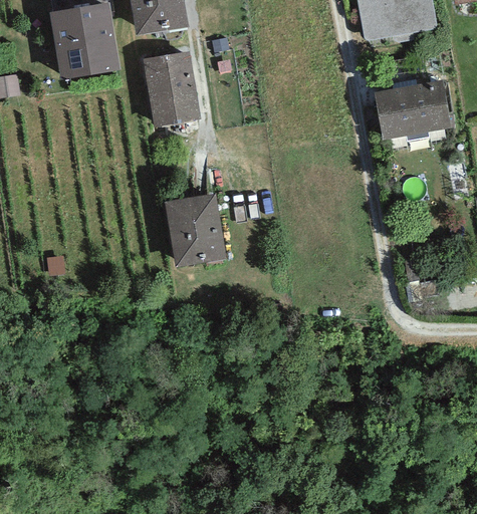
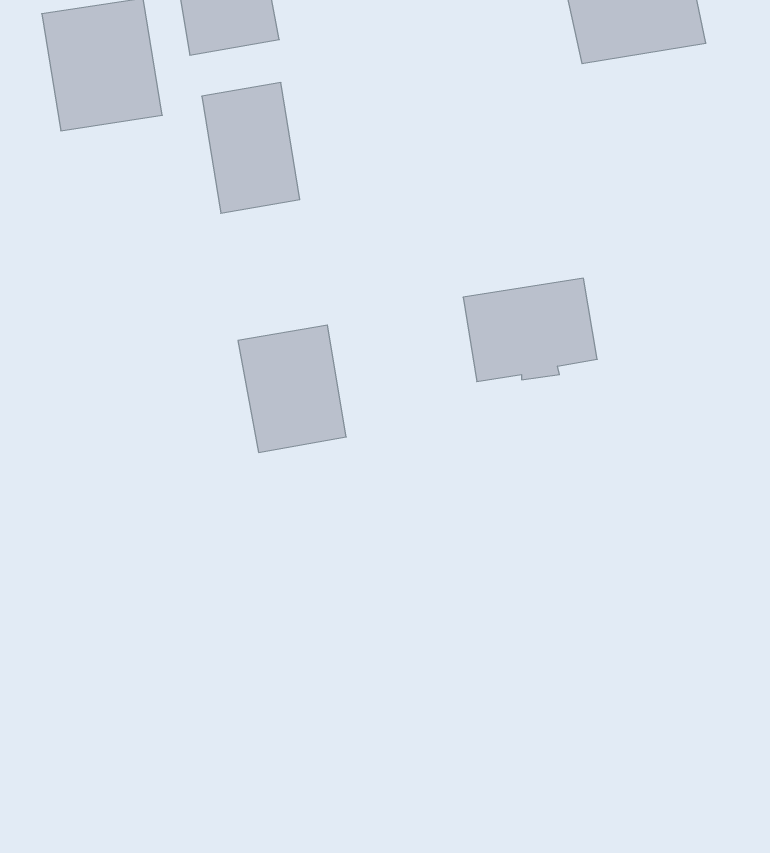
building: [373,80,451,141] -> [463,278,597,382]

